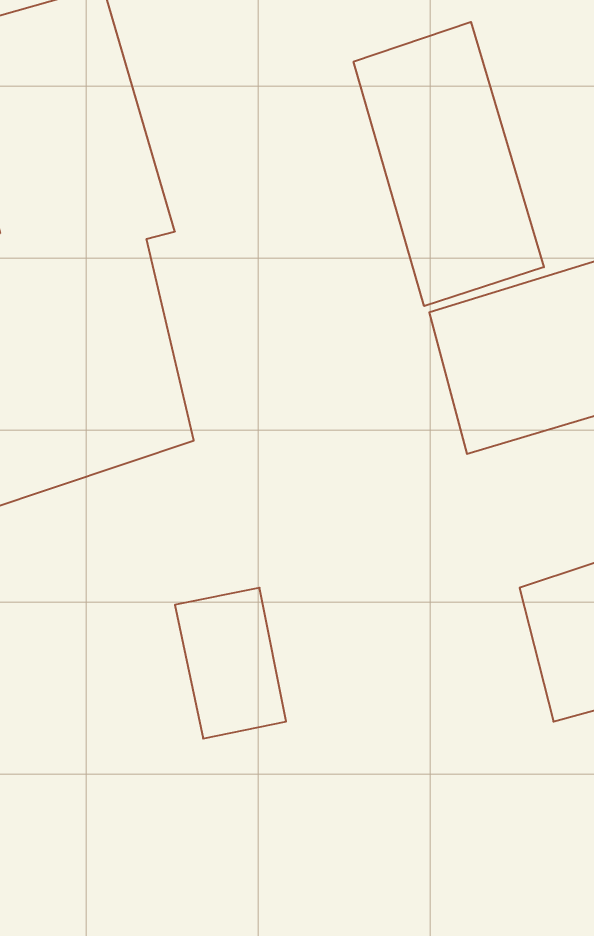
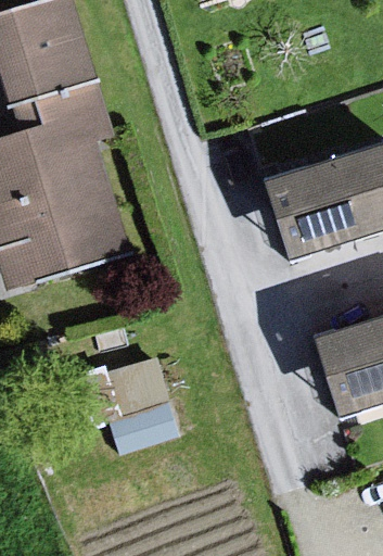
building: [354,22,544,306] -> none

